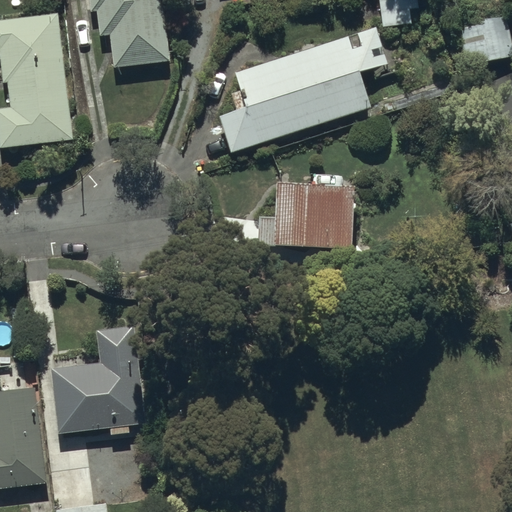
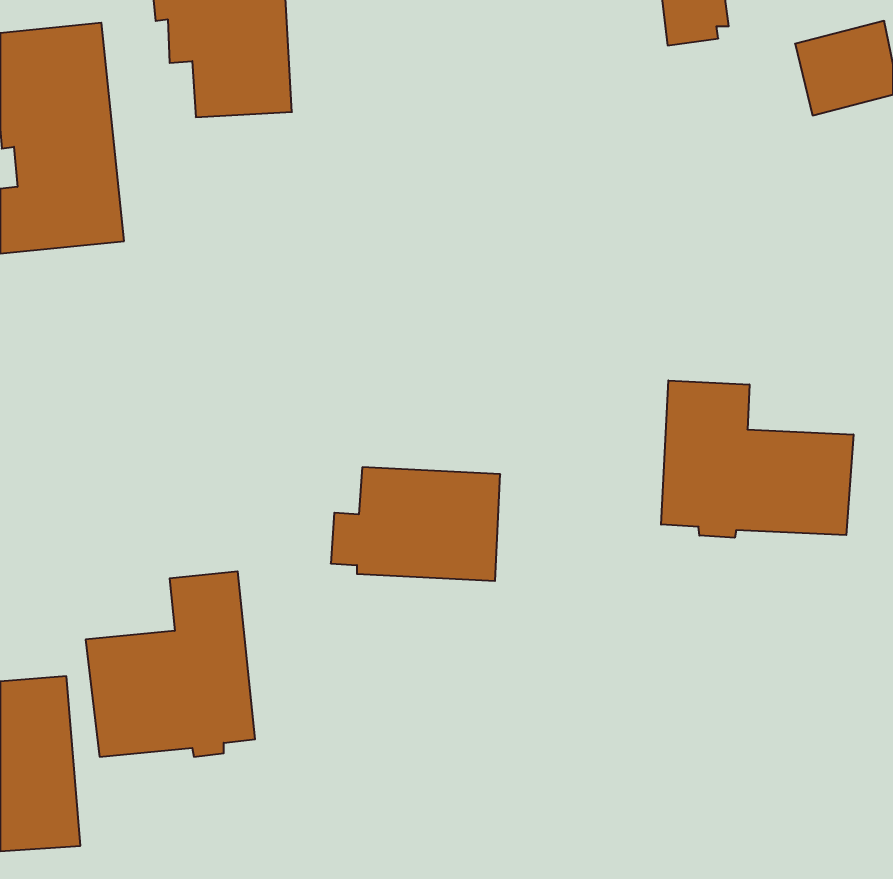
building: [220,27,387,152] -> none
building: [258,189,355,254] -> [331,467,500,581]
building: none -> [661,380,853,538]

